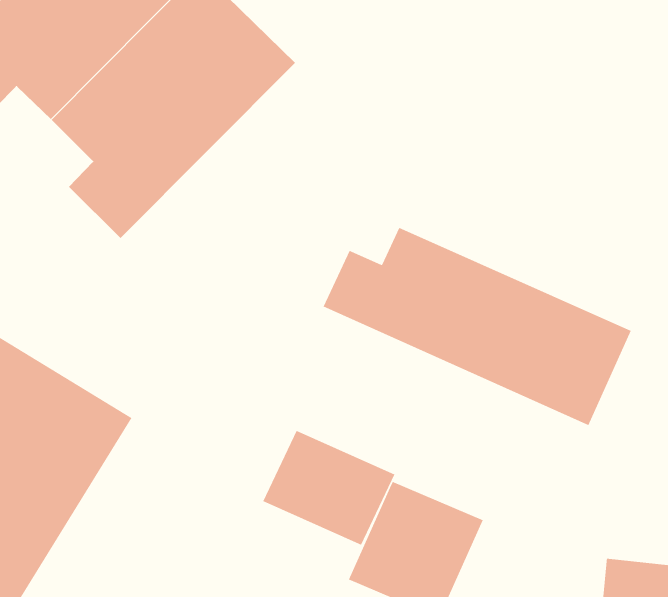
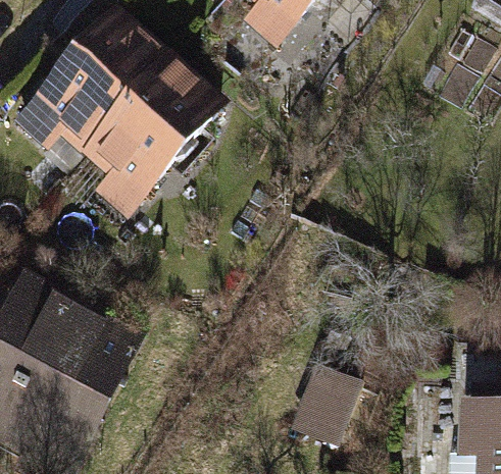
building: [323,227,632,426] -> none
building: [262,430,395,546] -> none

